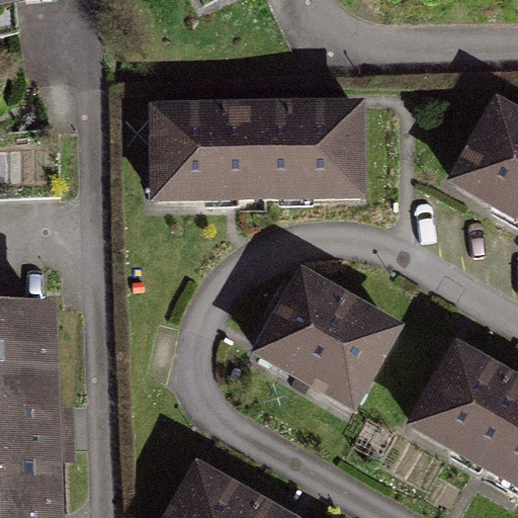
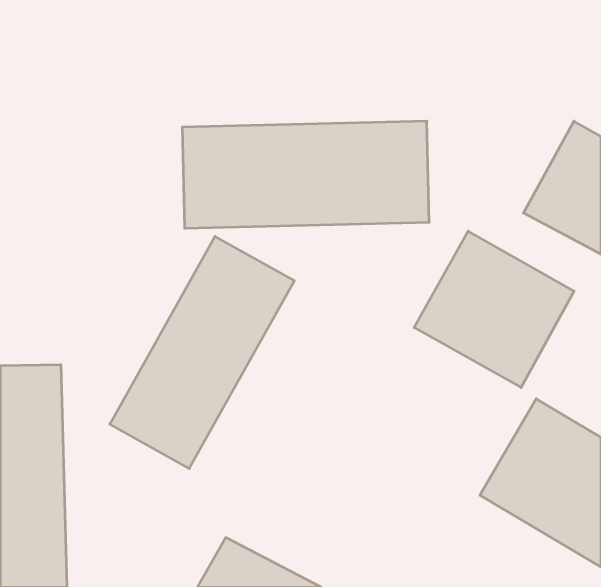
building: none -> [110,236,294,469]
building: [264,270,402,405] -> [414,231,574,388]

